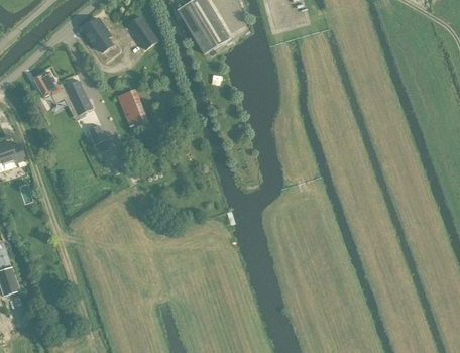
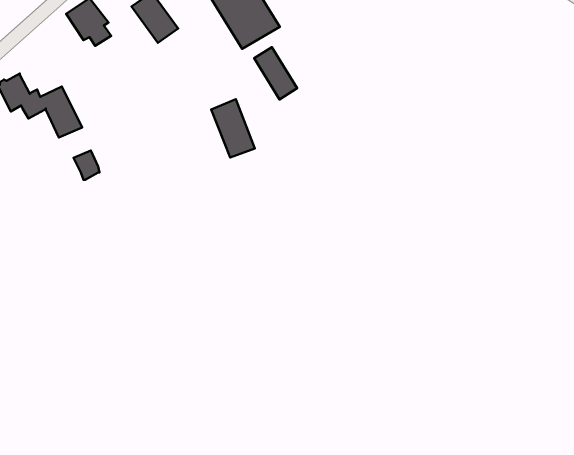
building: none -> [254,47,297,99]
building: [116,88,146,128] -> [211,99,255,157]

